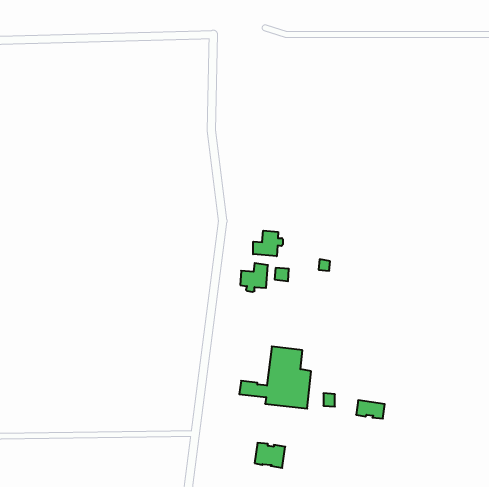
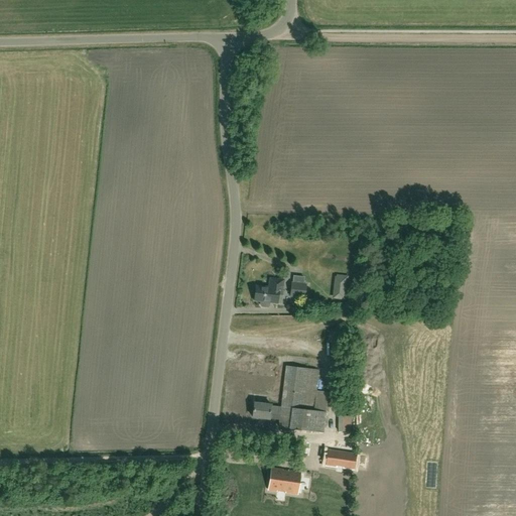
building: [253,231,283,256] -> none
building: [356,400,385,419] -> [326,448,356,468]

